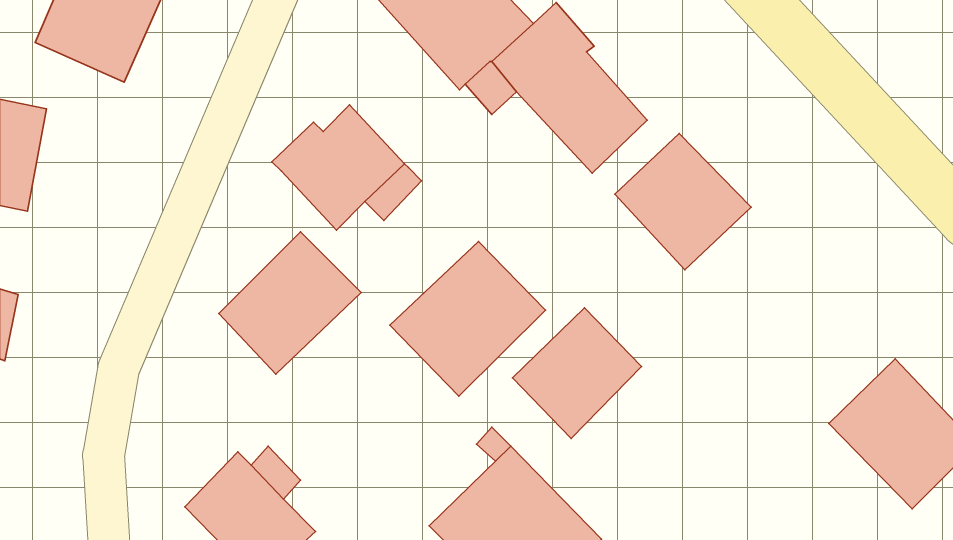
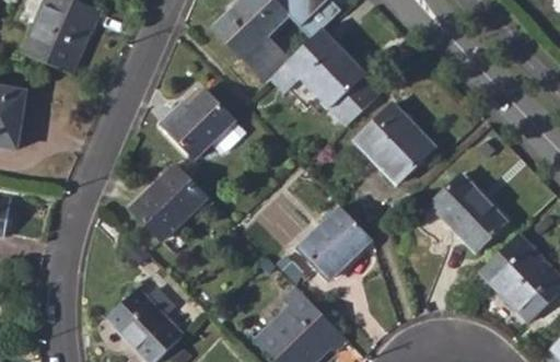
building: [390,242,545,396] -> none
building: none -> [431,177,505,252]

